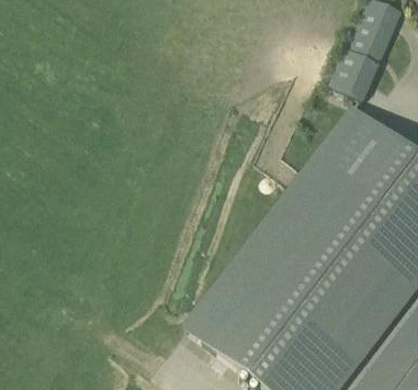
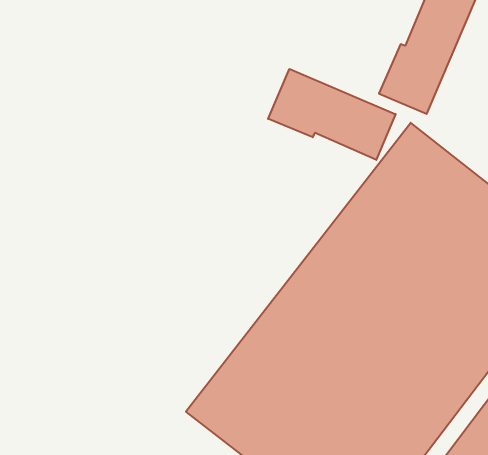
building: none -> [268,69,396,160]

